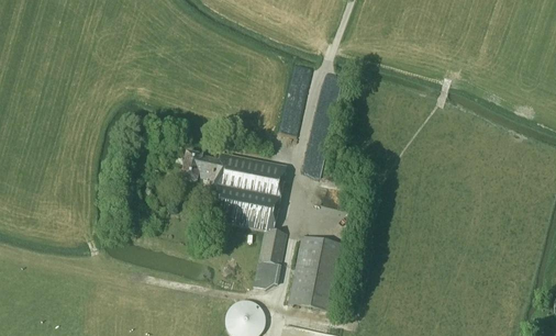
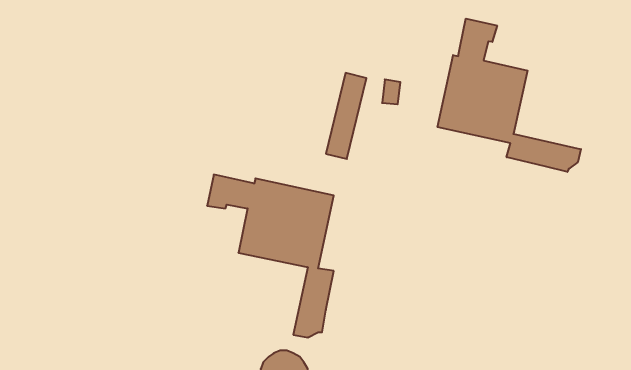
building: none -> [438,19,581,172]
building: [288,233,346,310] -> none

